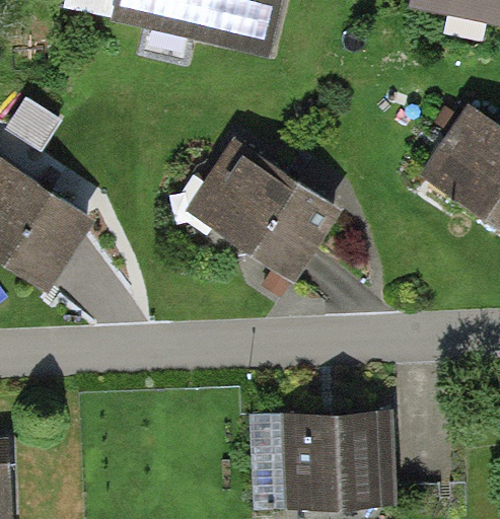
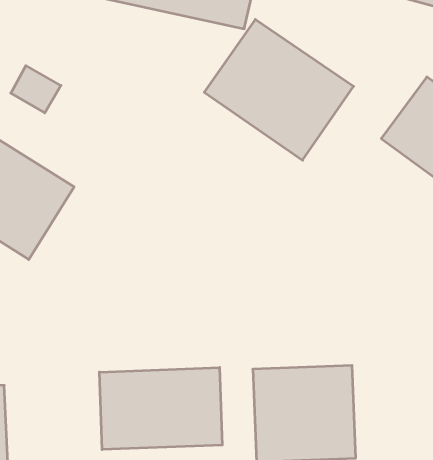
building: [174,133,335,284] -> [204,19,354,160]
building: none -> [99,367,222,450]

